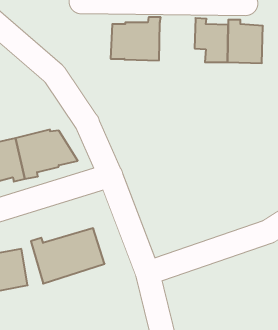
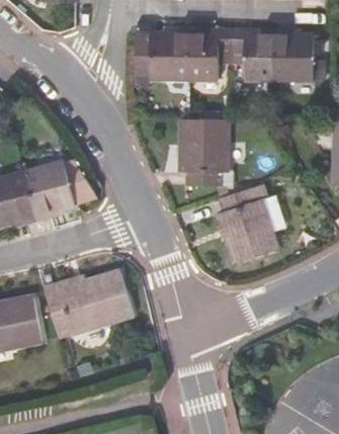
building: none -> [195,28,238,79]
building: none -> [180,119,227,189]
building: none -> [220,190,278,267]

